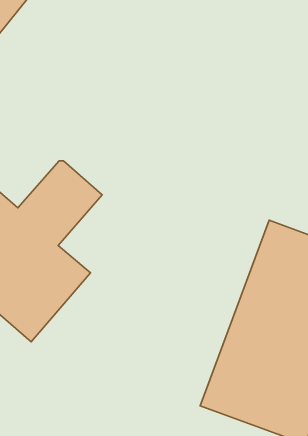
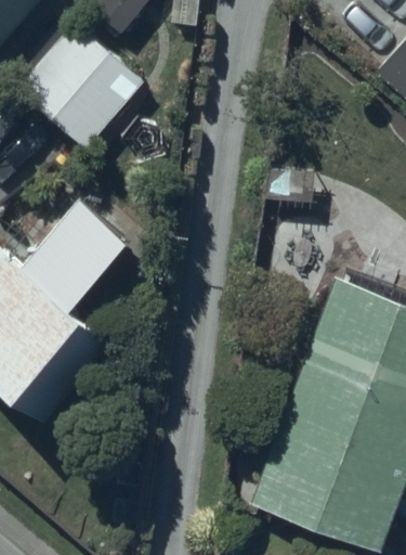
building: none -> [11,18,144,151]

